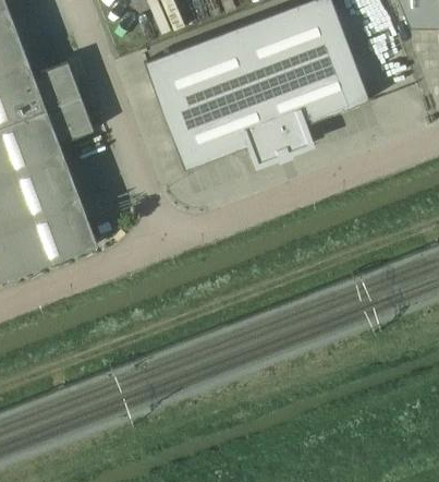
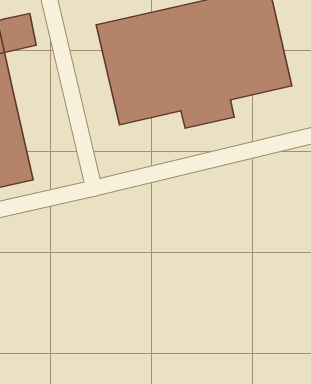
building: [46,95,94,144] -> none

